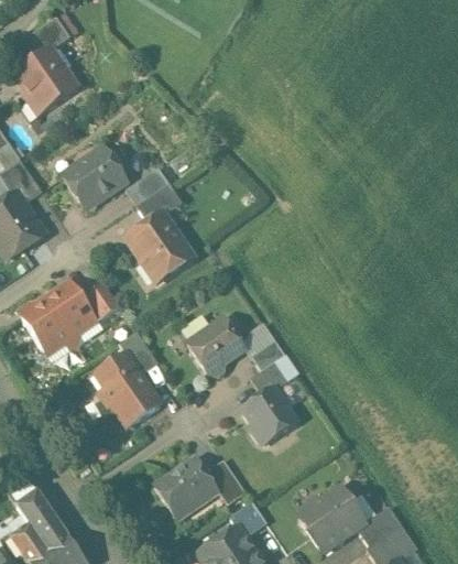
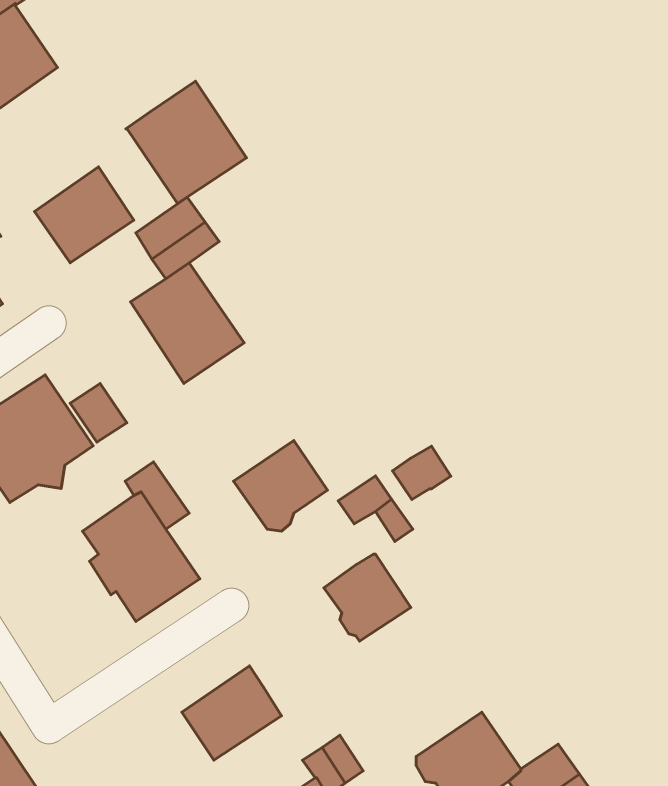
building: none -> [126,81,247,204]
building: [250,361,286,394] -> [392,446,451,499]
building: [205,458,246,503] -> none

